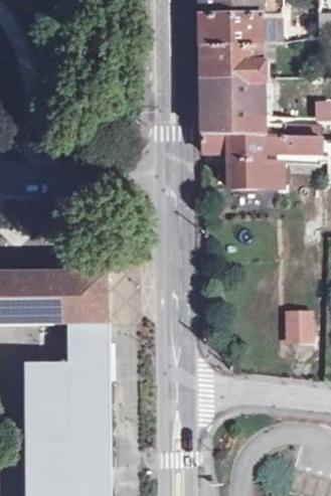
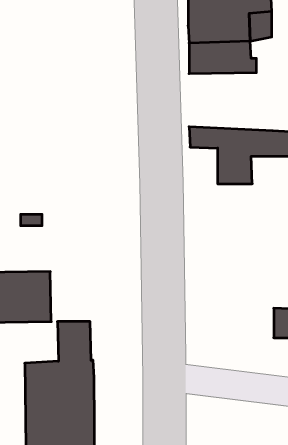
building: [201,78,284,136] -> none
building: [64,275,107,324] -> none

